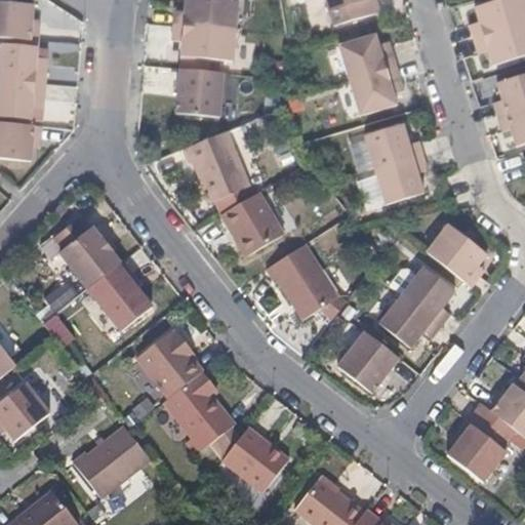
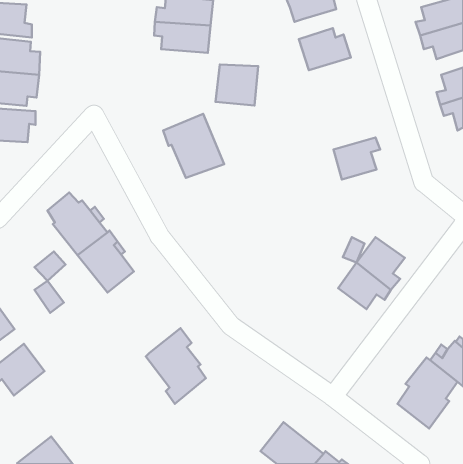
building: [348,65,402,114] -> none
building: [175,69,224,115] -> [215,64,258,106]
building: [365,123,422,168] -> none
building: [221,186,289,253] -> none
building: [427,225,486,287] -> none
building: [265,242,339,316] -> none
building: [135,328,203,397] -> none
building: [337,329,399,393] -> none
building: [219,425,289,491] -> none
building: [73,429,153,502] -> none

